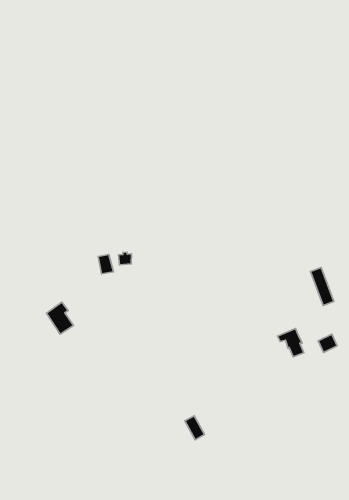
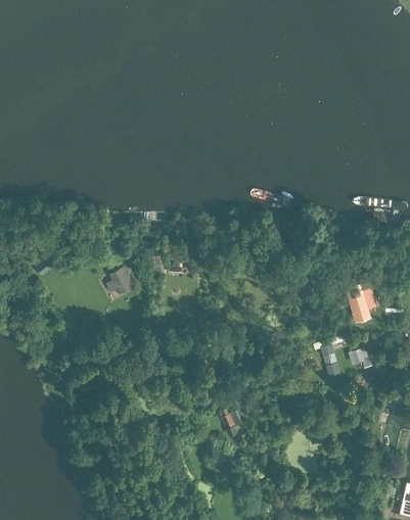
building: [46,302,74,334] -> [109,267,134,296]

